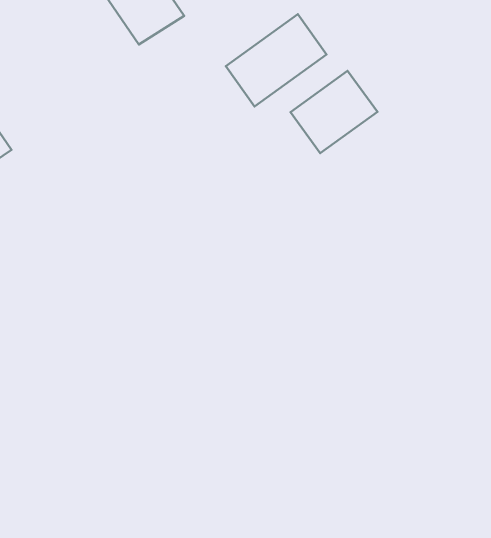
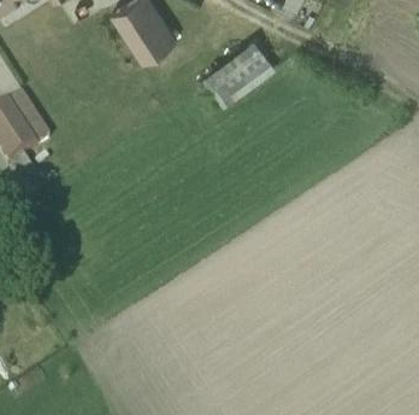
building: [290,71,378,153] -> none

